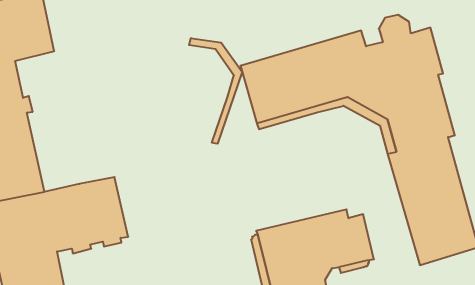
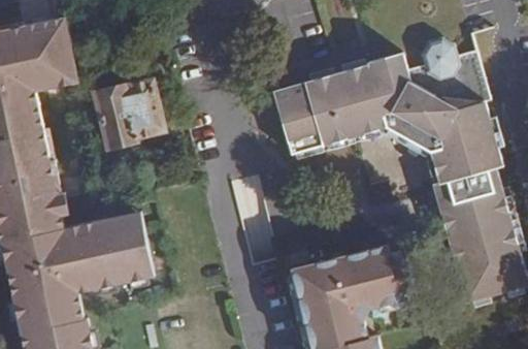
building: [189,38,242,144] -> none
building: none -> [99,80,163,154]

